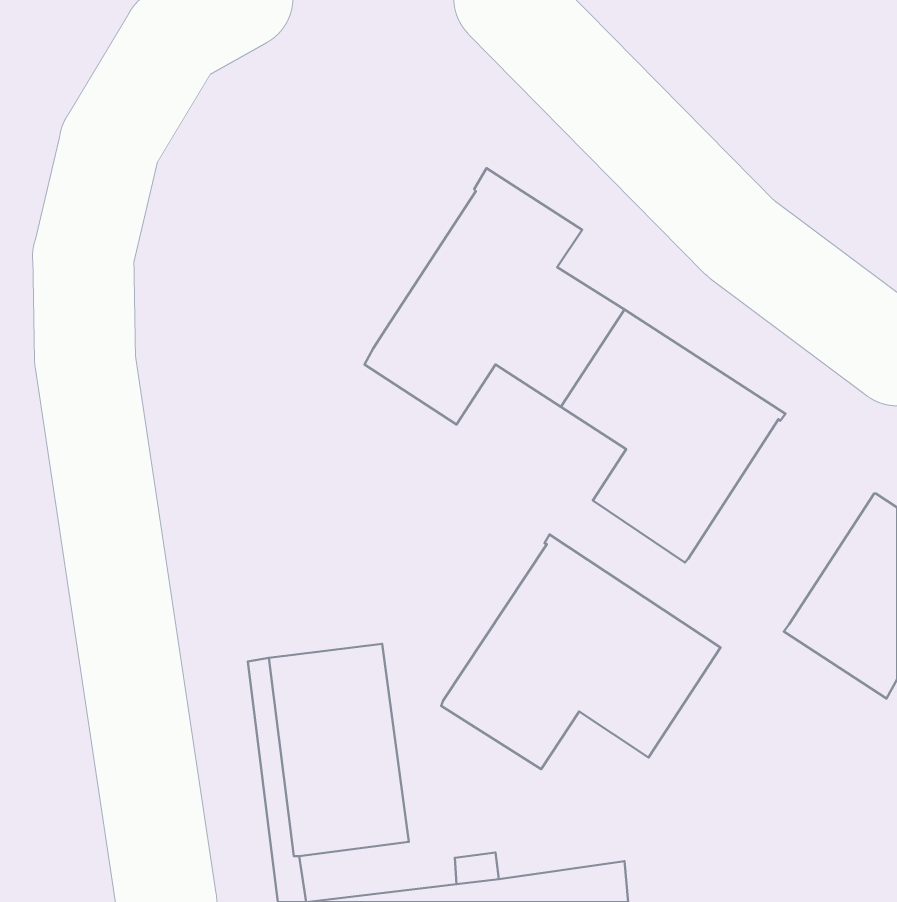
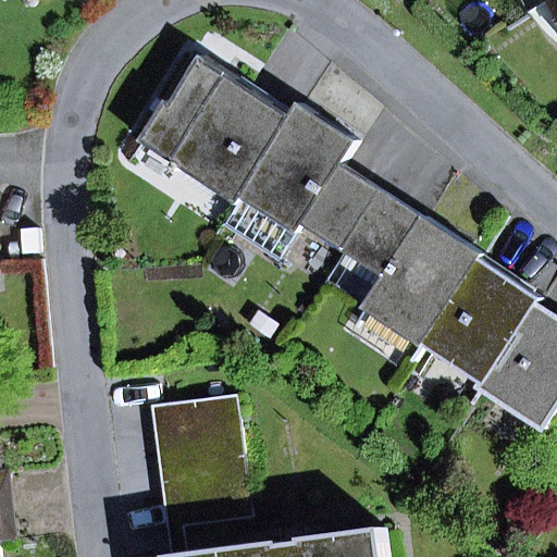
building: none -> [143,58,293,214]
building: none -> [423,258,542,388]
building: [441,535,720,769] -> none

